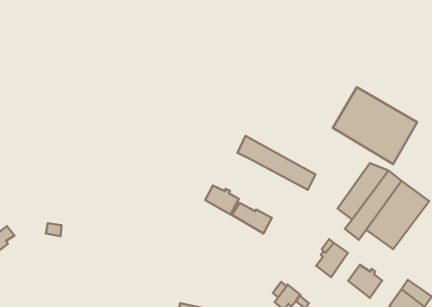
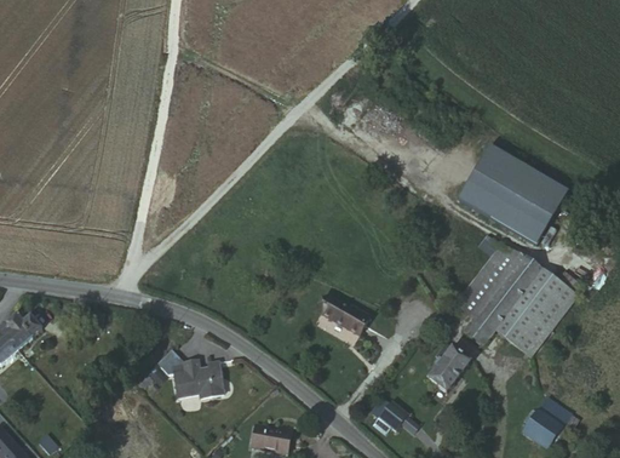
building: [237,136,315,190] -> none
building: [205,186,239,215] -> none
building: none -> [155,357,220,405]
building: [348,265,382,298] -> none

